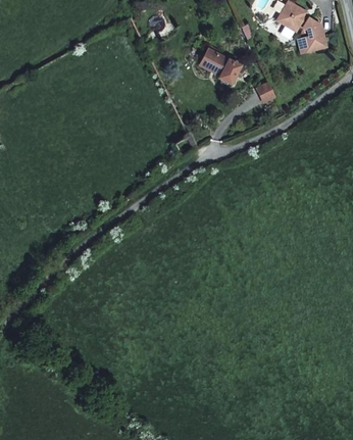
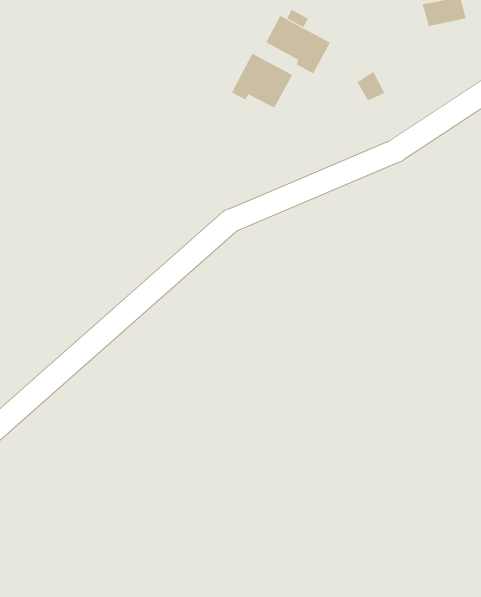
building: none -> [231,53,293,108]

